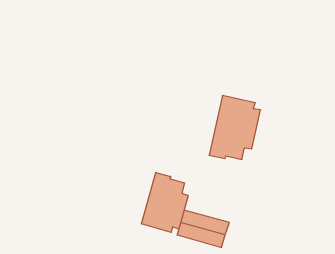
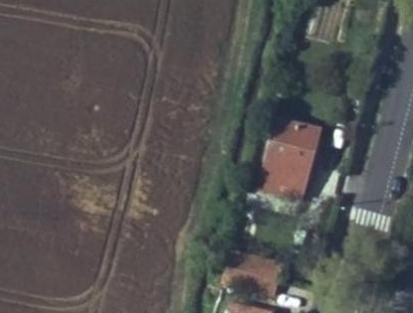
building: [142,172,188,232] -> none

